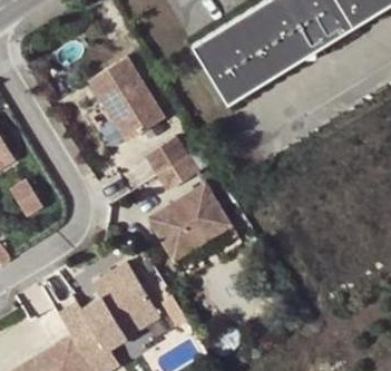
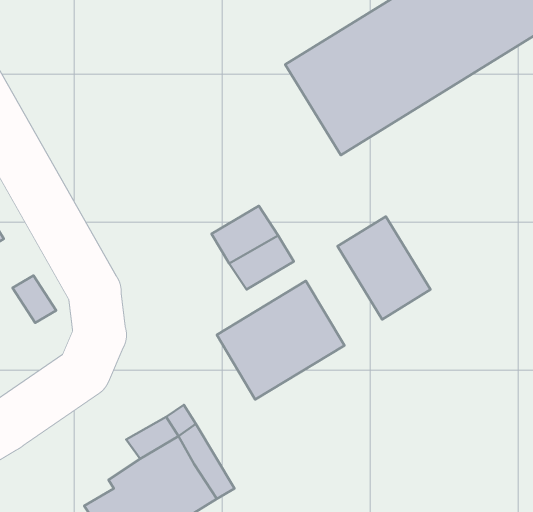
building: [89,56,164,140] -> none
building: none -> [338,216,430,320]

